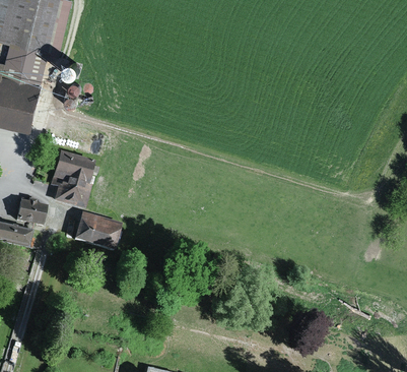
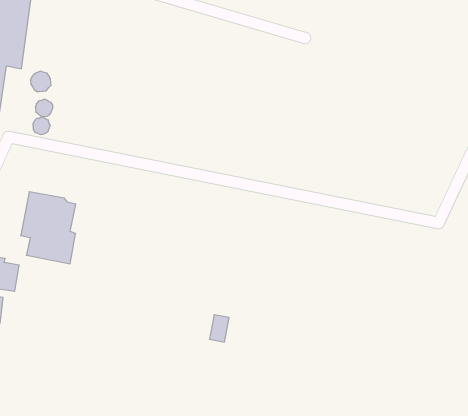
building: [73,211,120,248] -> none

